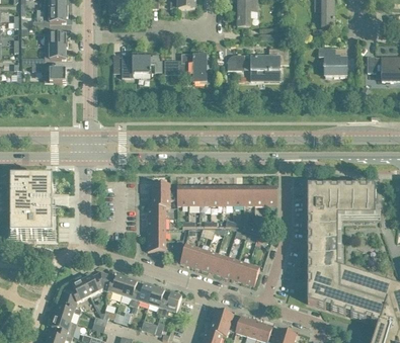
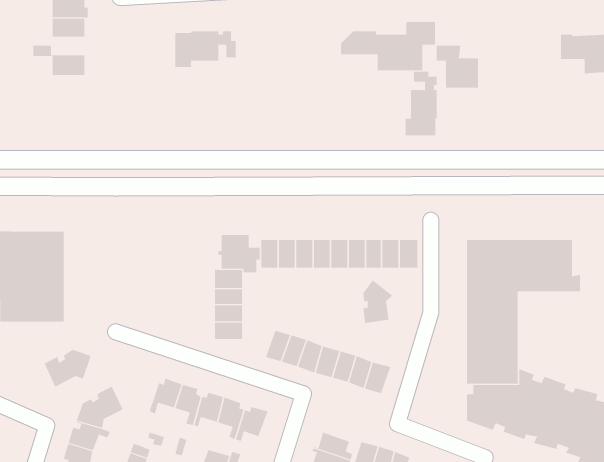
building: [319,48,346,75] -> [436,45,479,88]
building: [164,54,208,82] -> none
building: none -> [405,71,437,136]
building: none -> [363,280,393,324]
building: [83,270,113,294] -> [44,349,91,388]

